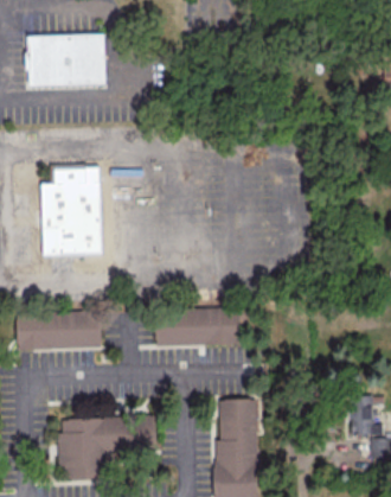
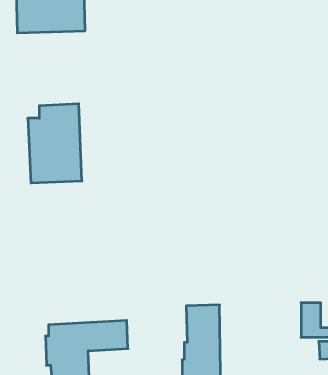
building: [156,306,243,346] -> none
building: [18,310,108,350] -> none

